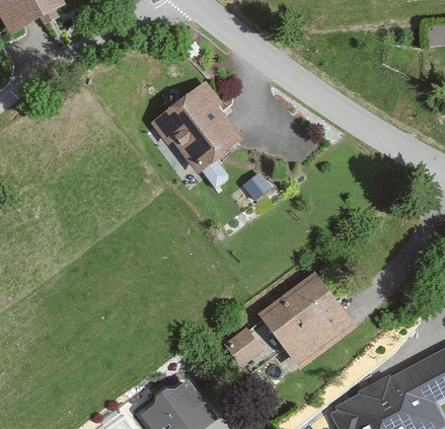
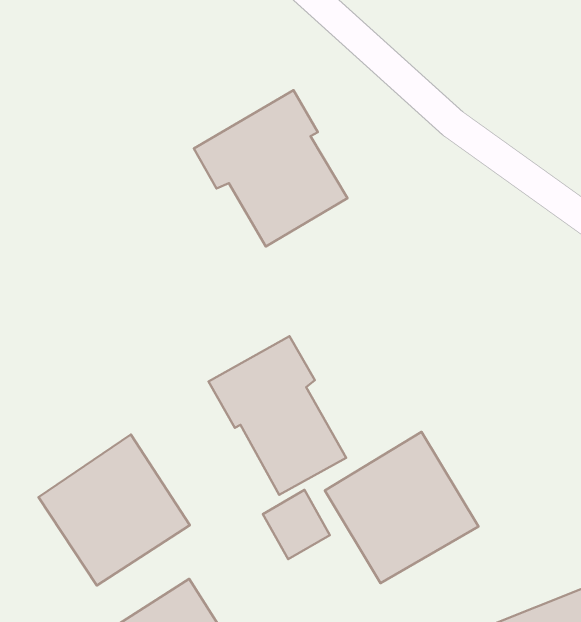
building: none -> [208,336,346,495]
building: none -> [39,435,190,586]

